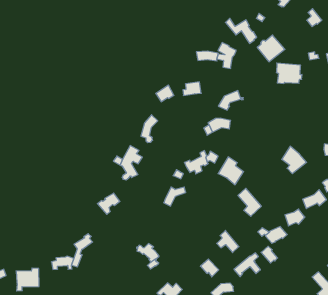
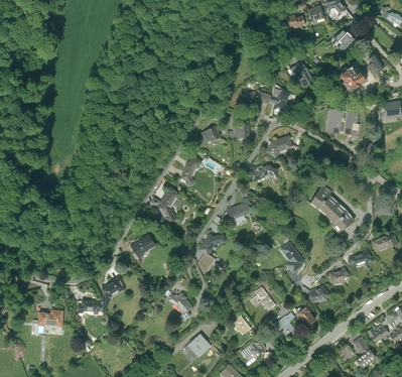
building: [257,35,285,62] -> [337,64,366,92]
building: [218,157,244,185] -> [311,183,339,214]

